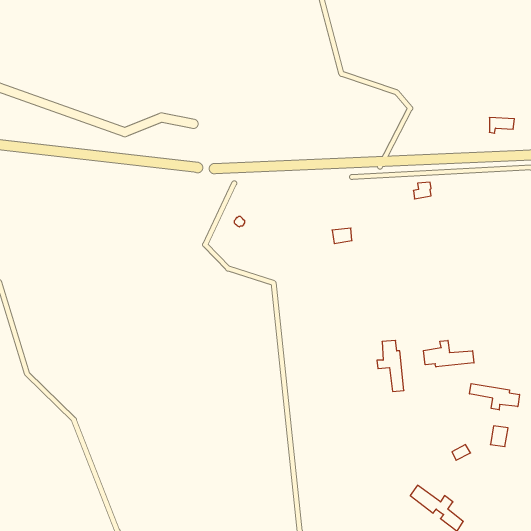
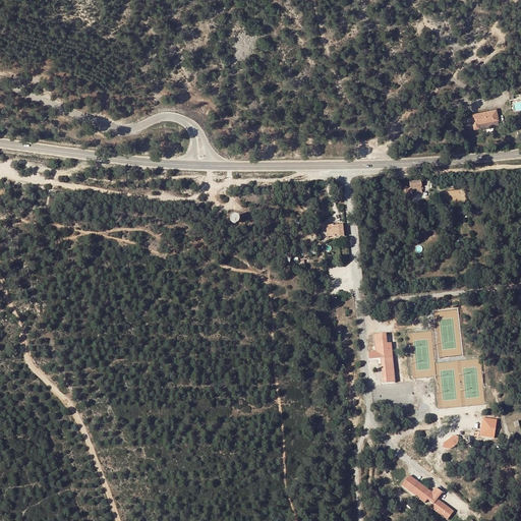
building: [423,340,474,367] -> none
building: [470,384,519,410] -> none

